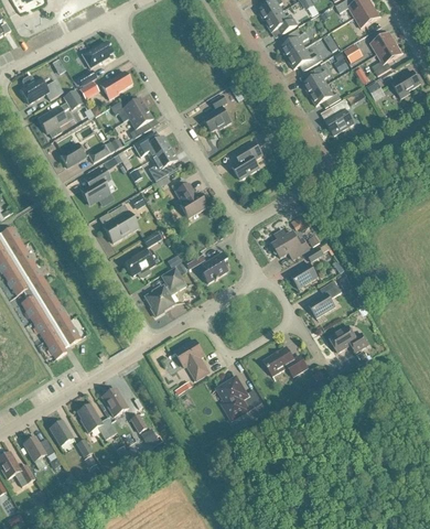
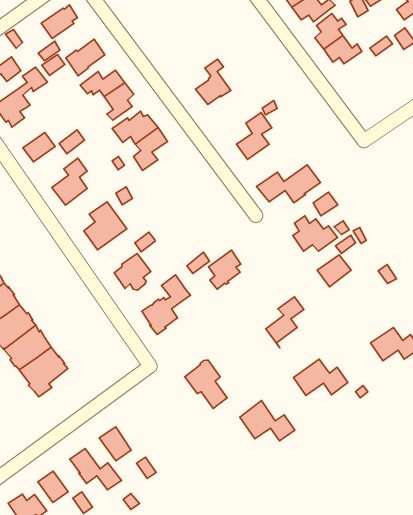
building: [325,98,354,134] -> none
building: [174,183,205,217] -> none
building: none -> [257,165,320,203]
building: [309,280,341,321] -> [266,297,304,348]

